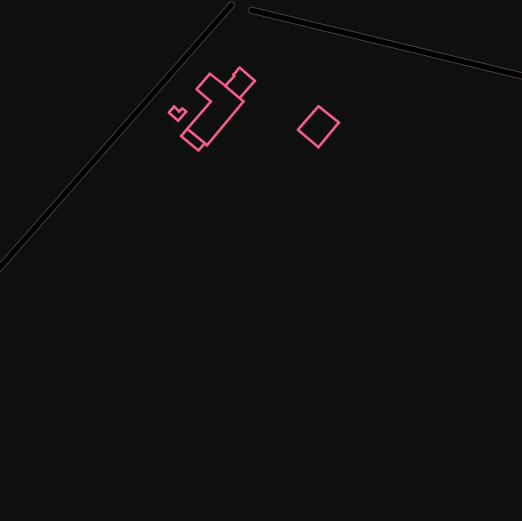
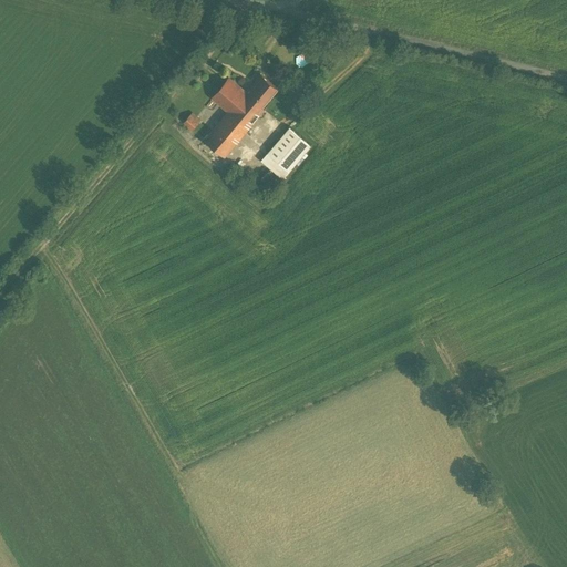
building: [298,106,339,147] -> [266,130,310,174]

